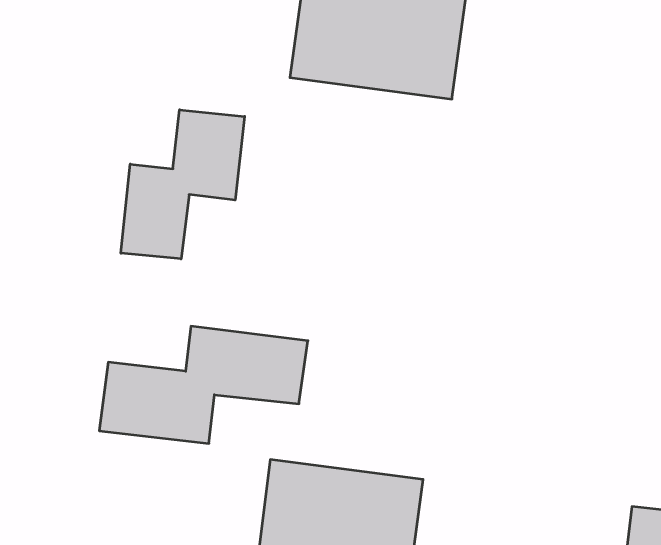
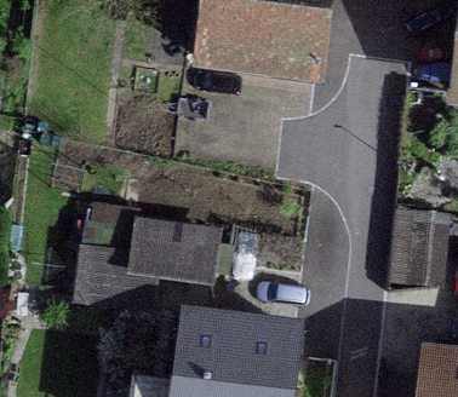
building: [121,110,245,259] -> none

